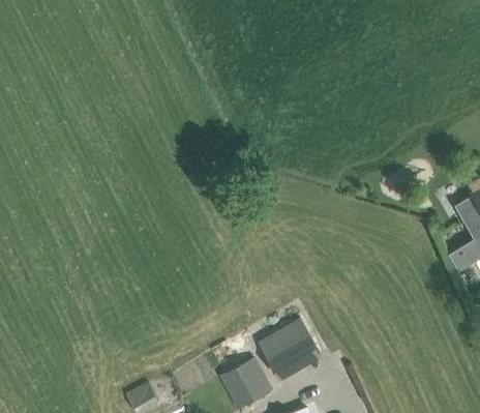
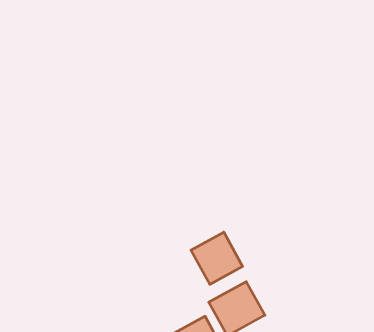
building: none -> [191,232,243,284]

